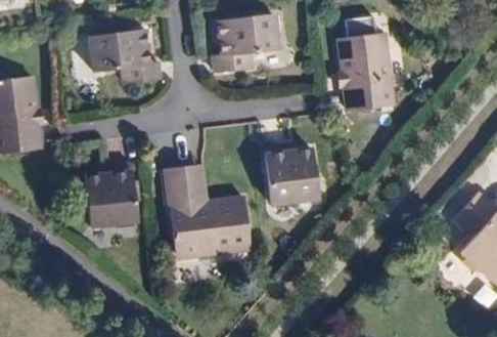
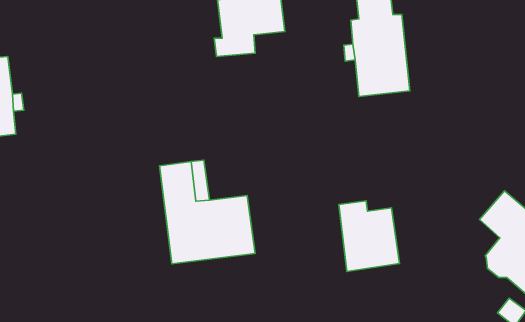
building: [94,33,165,86] -> none
building: [264,143,318,207] -> [339,201,399,272]
building: [85,165,138,228] -> none

